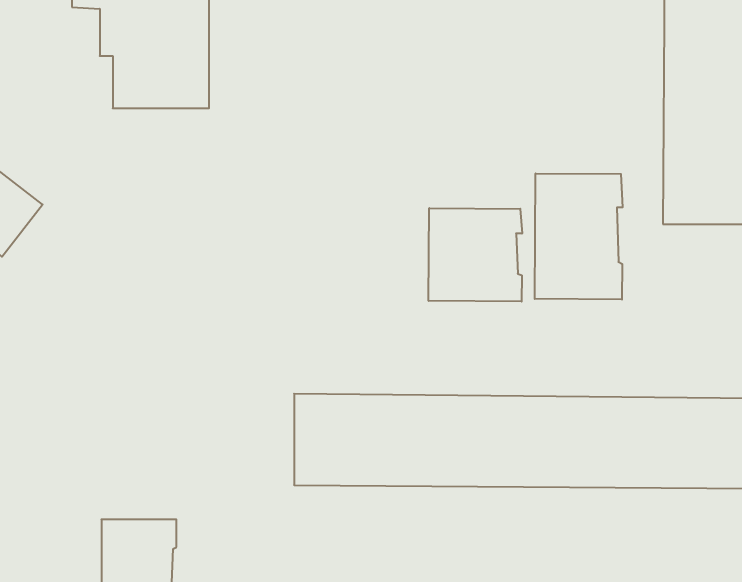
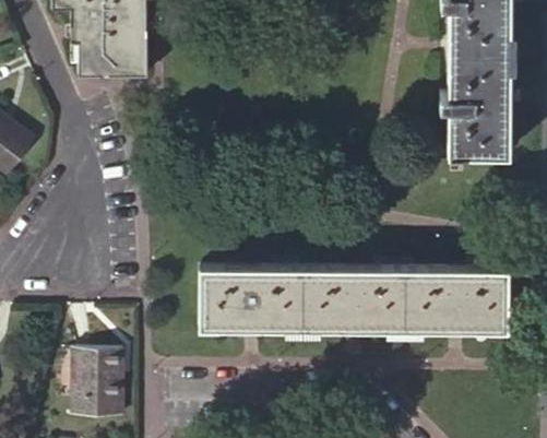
building: [535,173,623,300] -> none
building: [429,208,522,302] -> none

